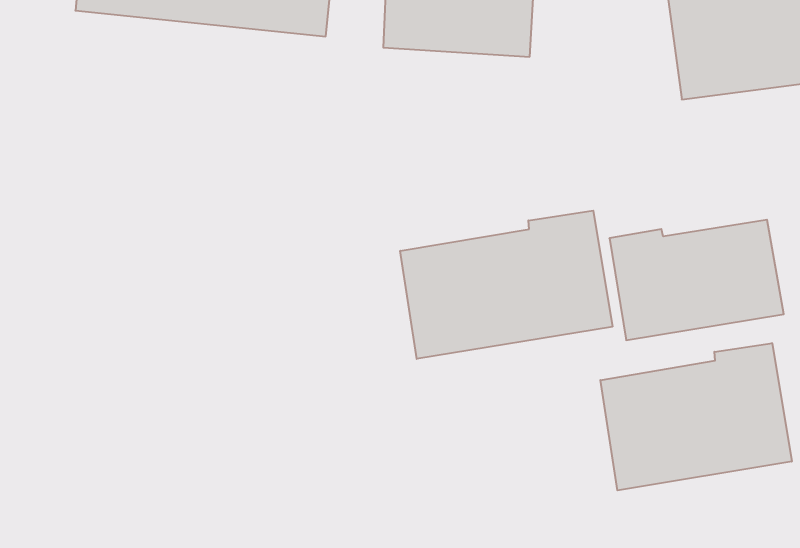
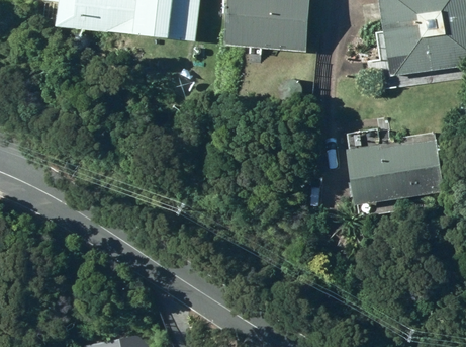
building: [400,211,612,359] -> none
building: [600,343,792,490] -> none

